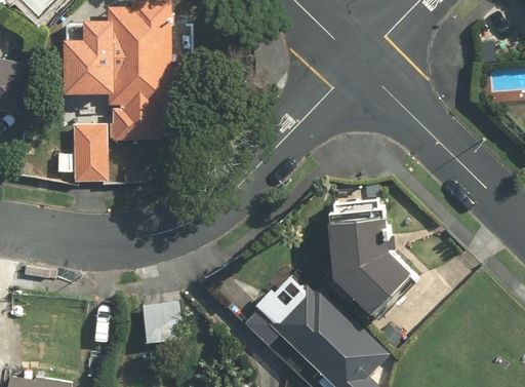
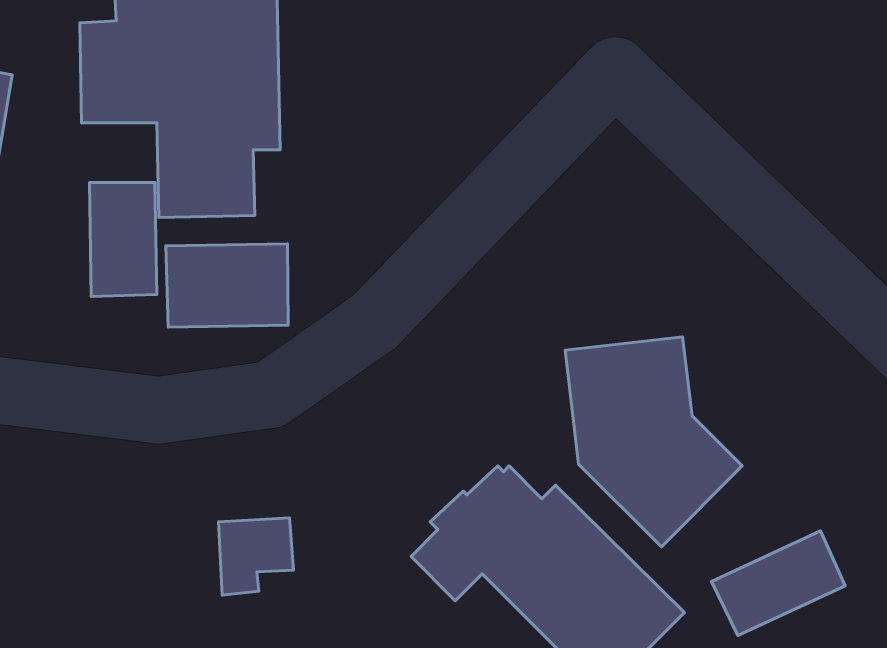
building: none -> [166,244,288,327]
building: none -> [712,531,845,635]

